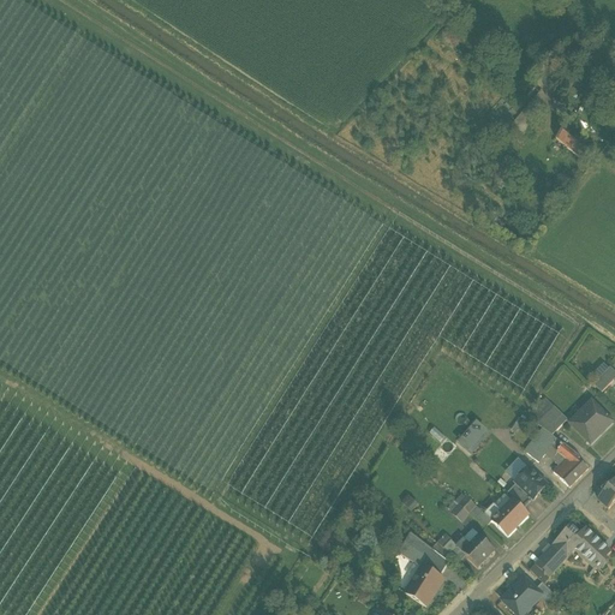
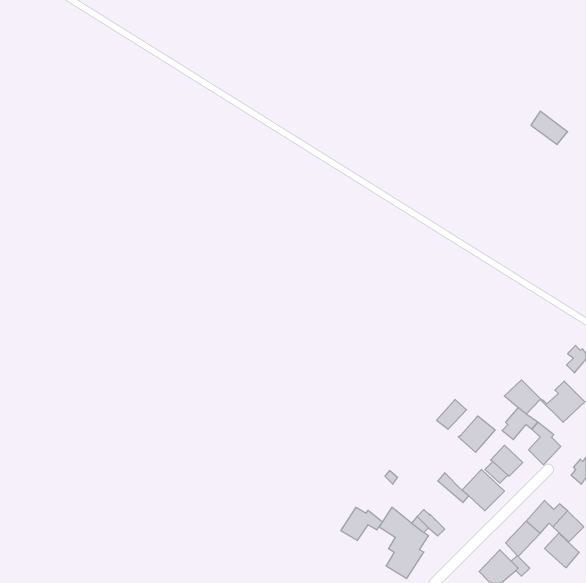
building: none -> [458,416,495,452]
building: [455,527,494,566] -> none
building: none -> [341,507,382,540]
building: none -> [545,533,579,568]

